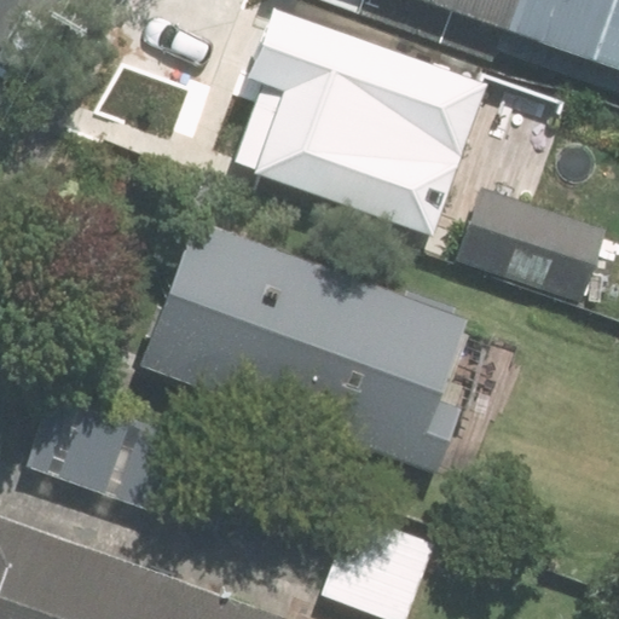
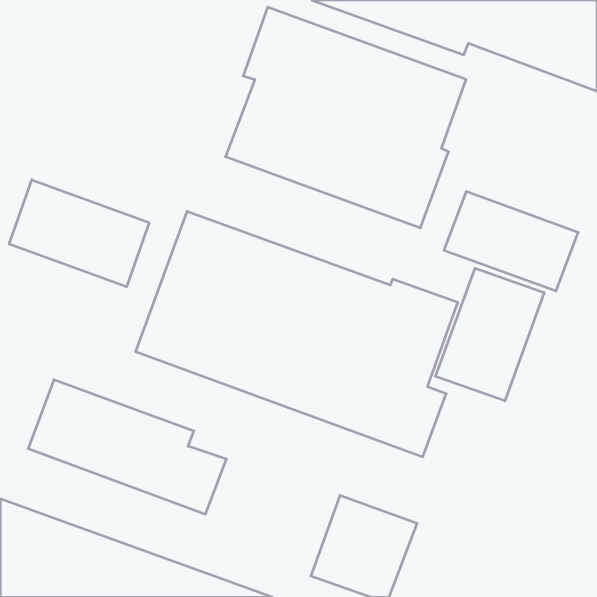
building: none -> [9,180,149,287]
building: none -> [436,268,544,401]

